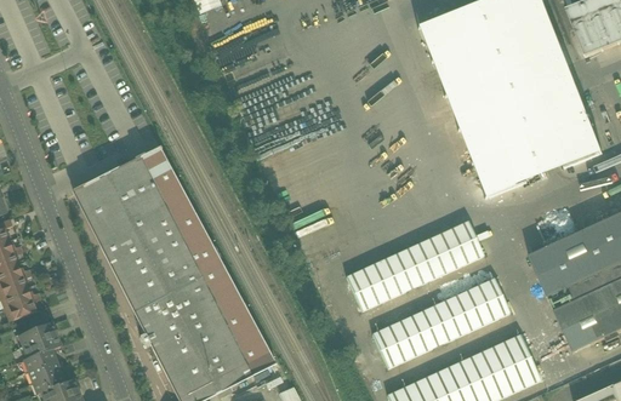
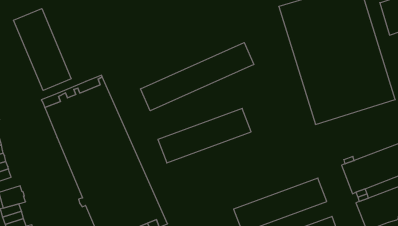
building: none -> [14,9,71,90]
building: none -> [141,43,254,111]
building: [346,220,484,310] -> [158,108,251,163]

